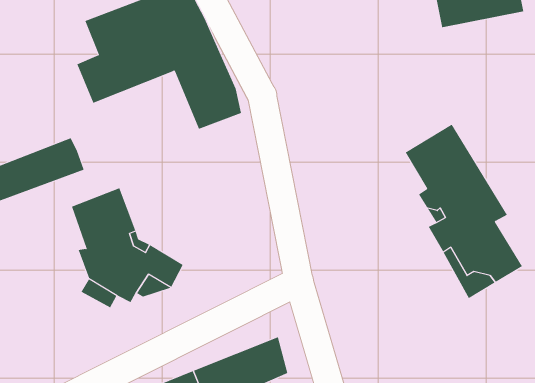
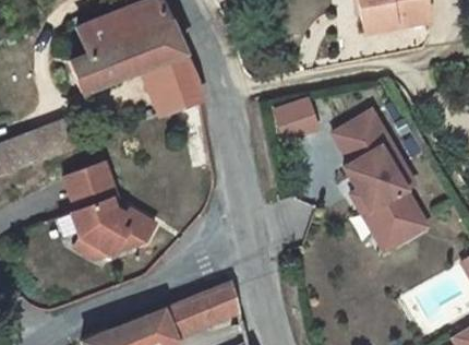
building: none -> [277,102,315,134]

